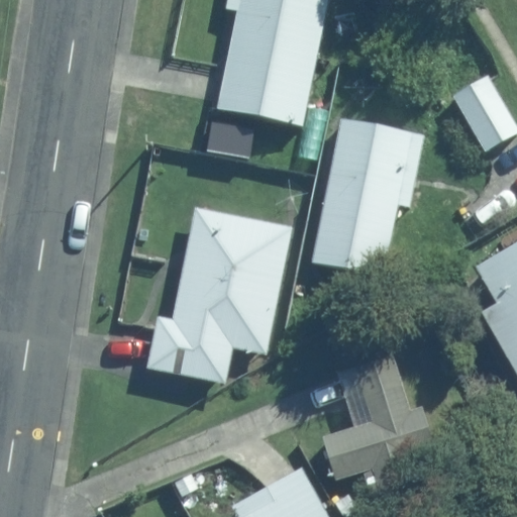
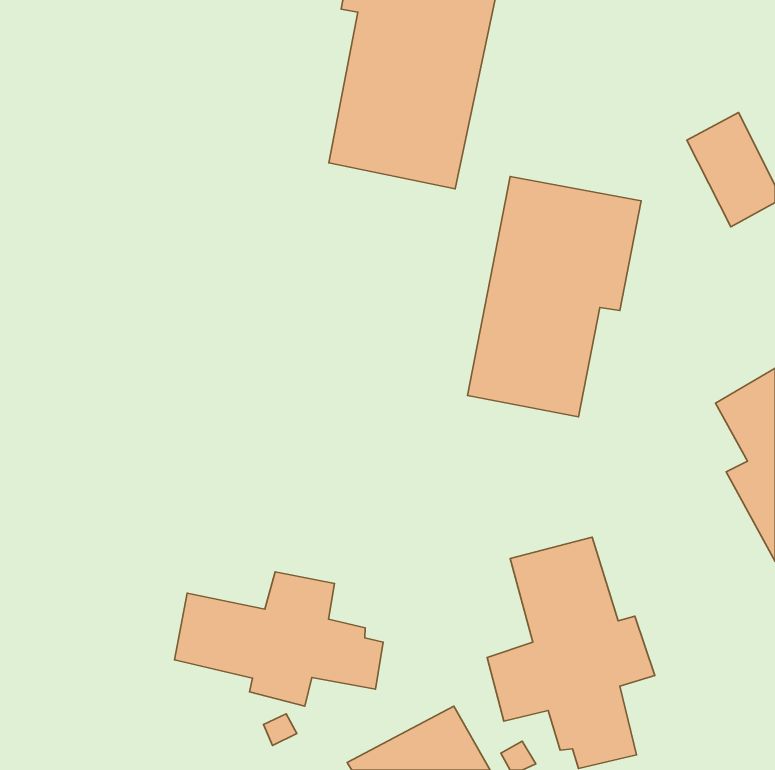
building: [144,206,292,384] -> none
building: none -> [174,572,383,706]

